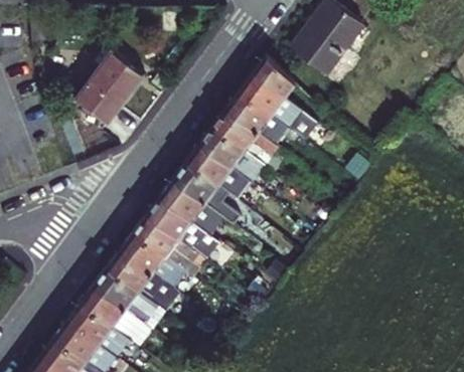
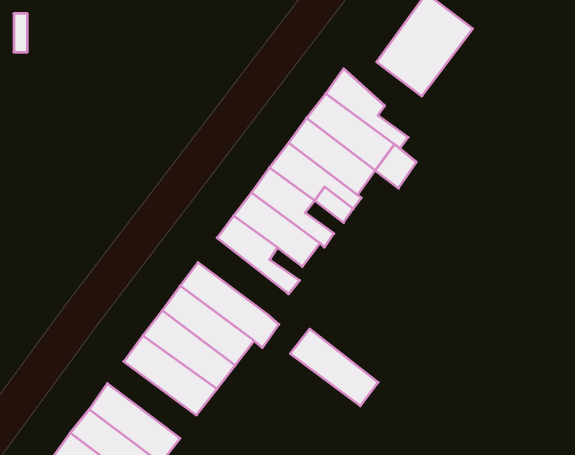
building: [69,50,140,124] -> none
building: [160,182,224,238] -> [290,329,378,406]
building: [94,272,159,329] -> none

